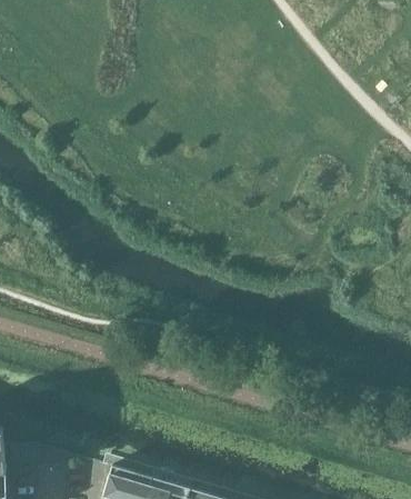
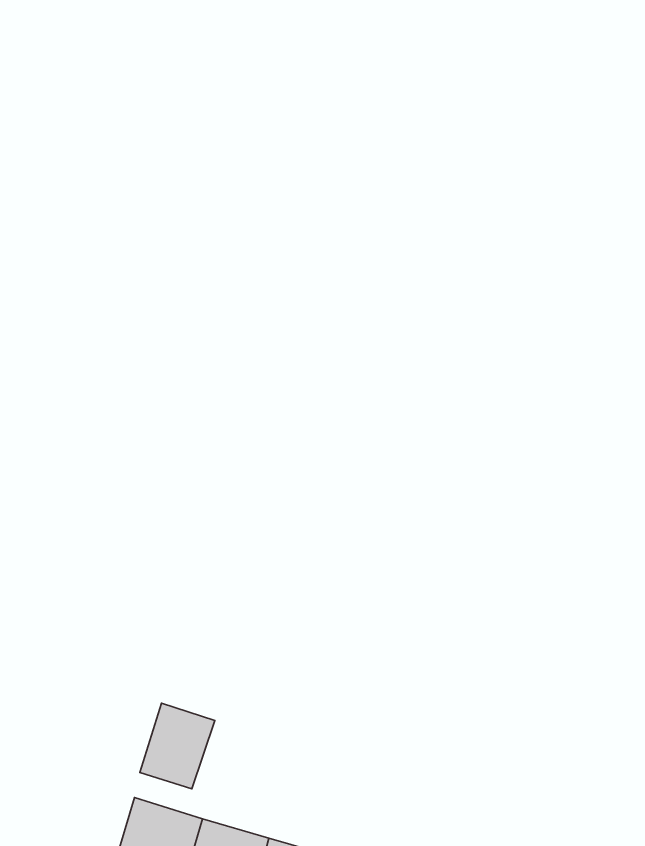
building: none -> [140,703,215,789]

